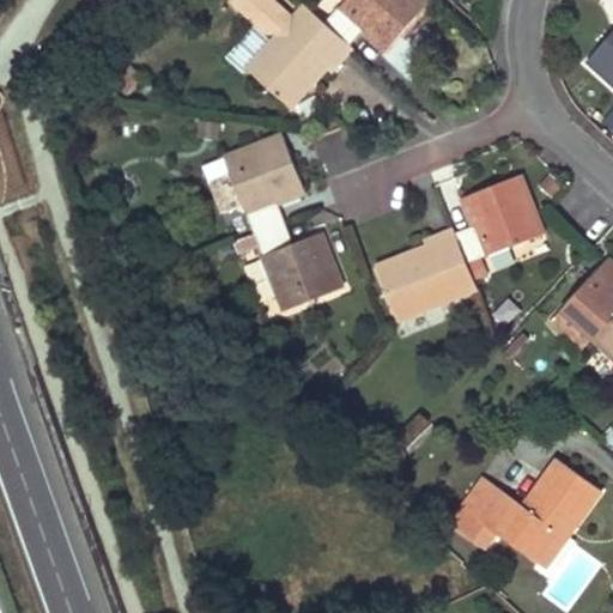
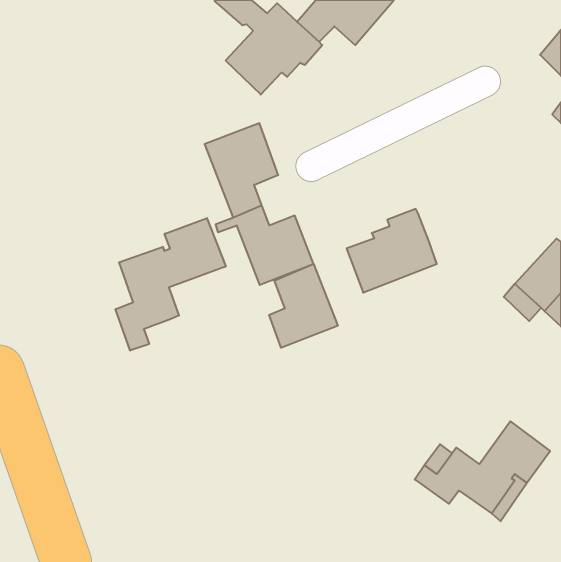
building: [455,175,541,263] -> none
building: none -> [116,218,226,351]
building: none -> [269,264,338,348]

